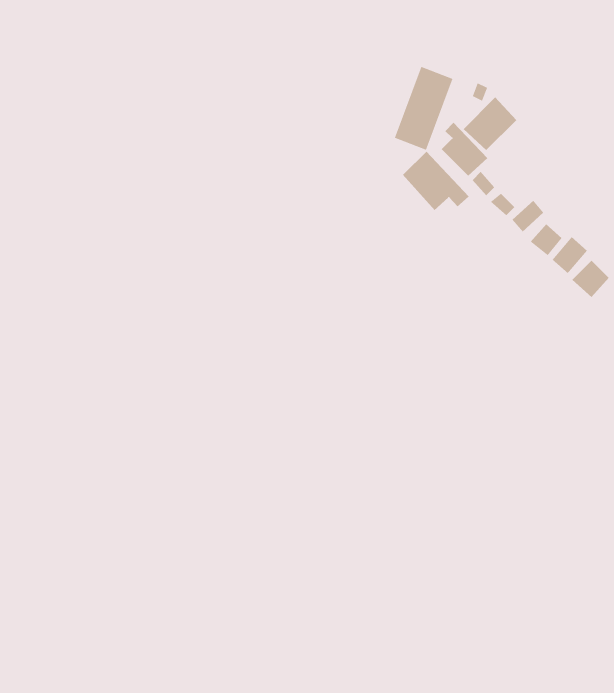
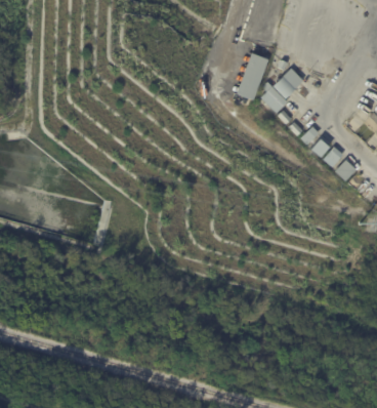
building: [402,151,470,211] -> none

